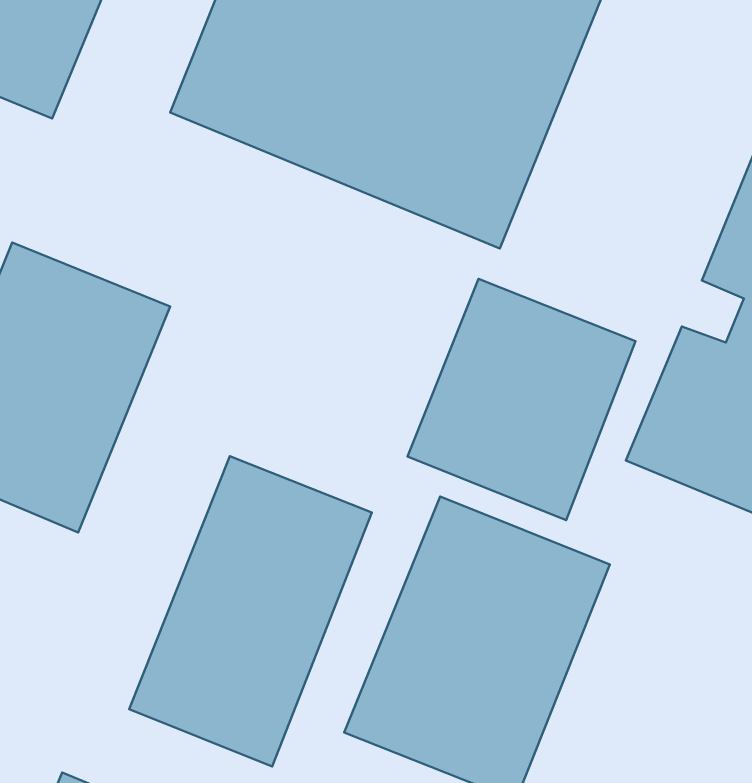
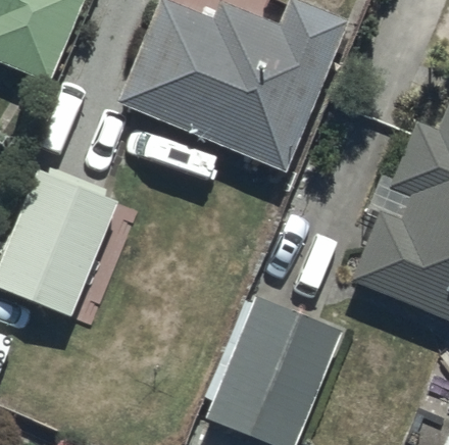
building: [408,279,635,520] -> none
building: [129,456,372,767] -> none

